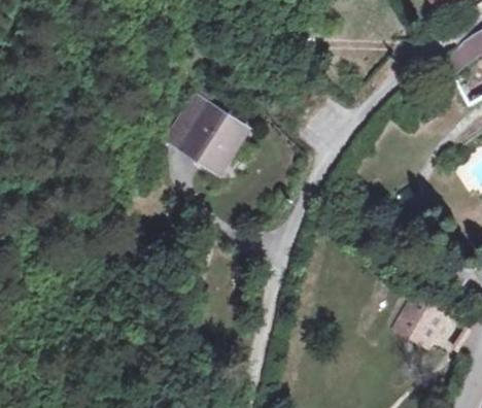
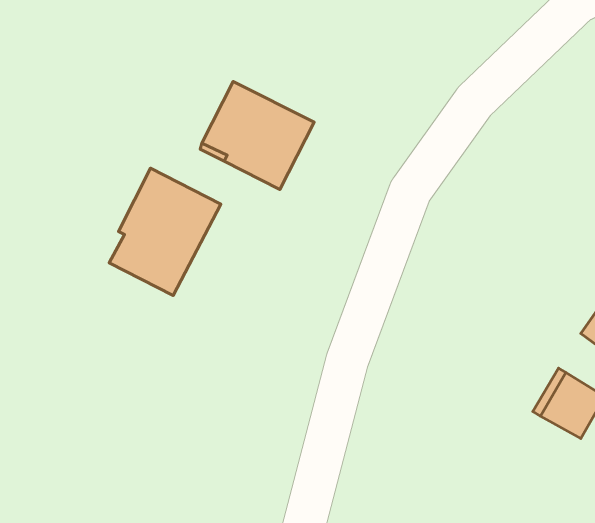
building: none -> [109,168,221,295]

